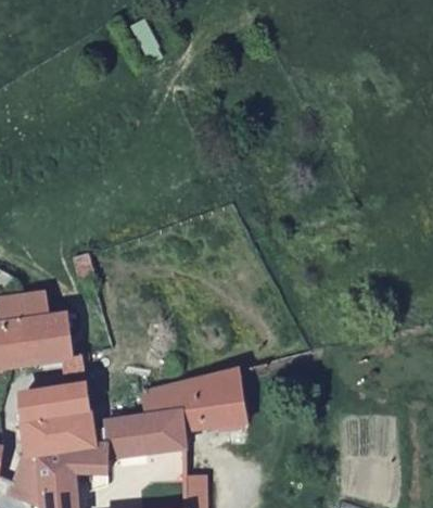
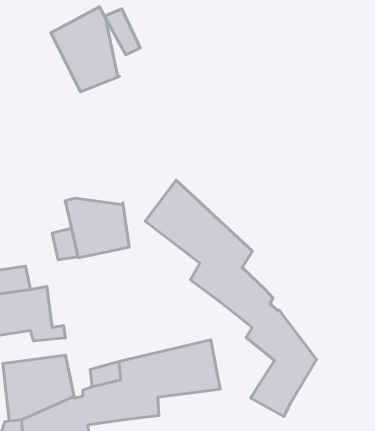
building: none -> [51,7,120,92]
building: none -> [145,180,317,417]
building: none -> [65,198,129,258]

